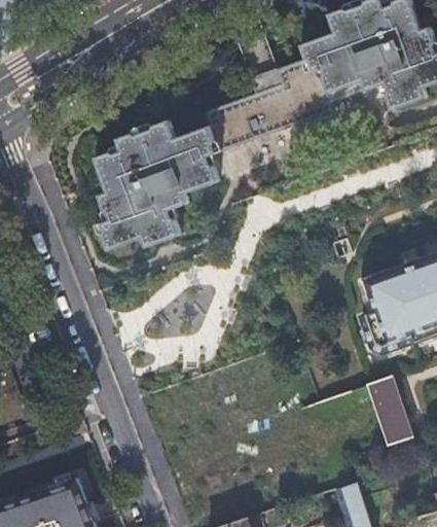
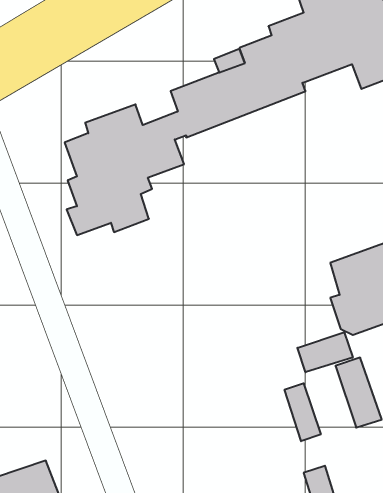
building: none -> [297,332,353,372]
building: none -> [285,383,321,441]

